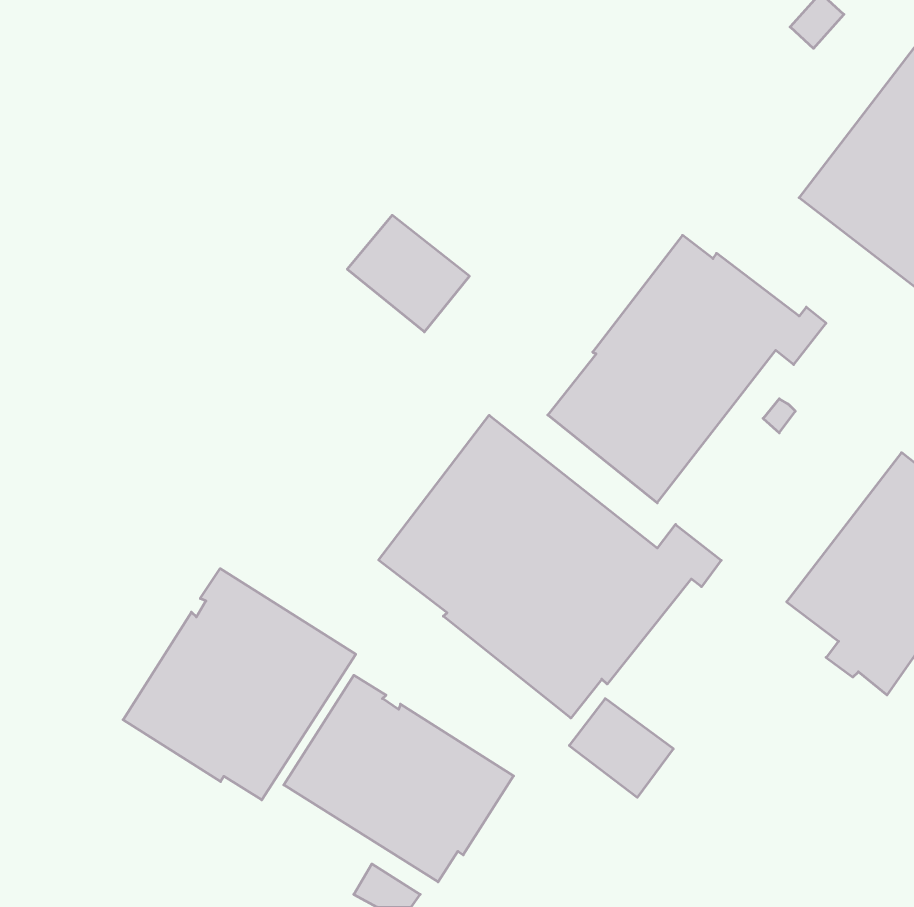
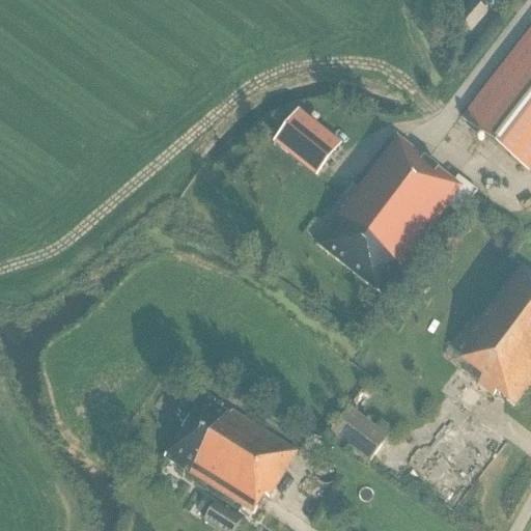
building: [347,215,469,332] -> [274,106,344,173]
building: [379,415,721,718] -> none
building: [123,569,356,800] -> none

